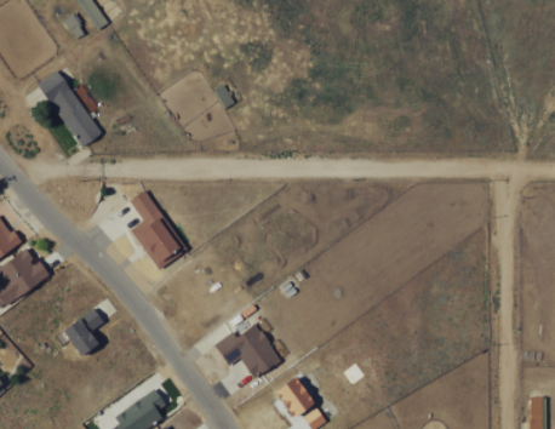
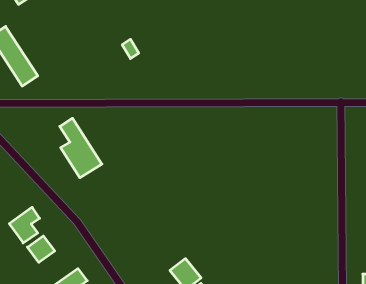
building: [214,322,281,378] -> none
building: none -> [27,236,55,262]

